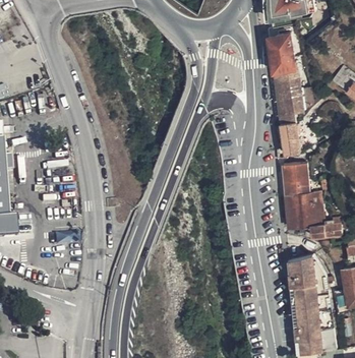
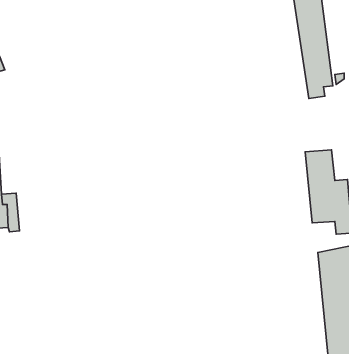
building: [278,118,300,158] -> none

